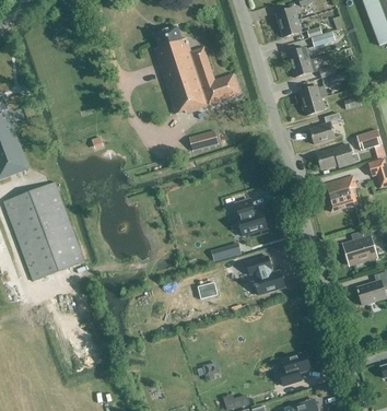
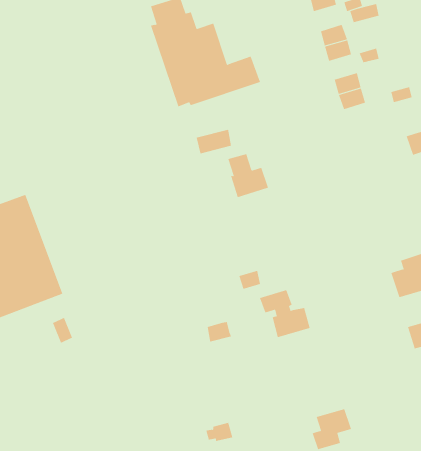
building: [309,113,341,143] -> none
building: [317,143,353,168] -> none
building: [325,175,356,211] -> none
building: [235,193,268,228] -> [227,153,269,198]

